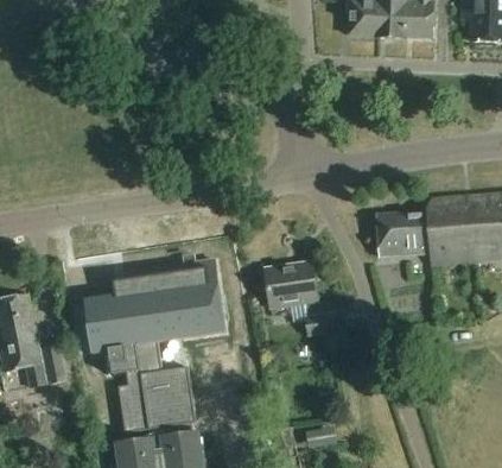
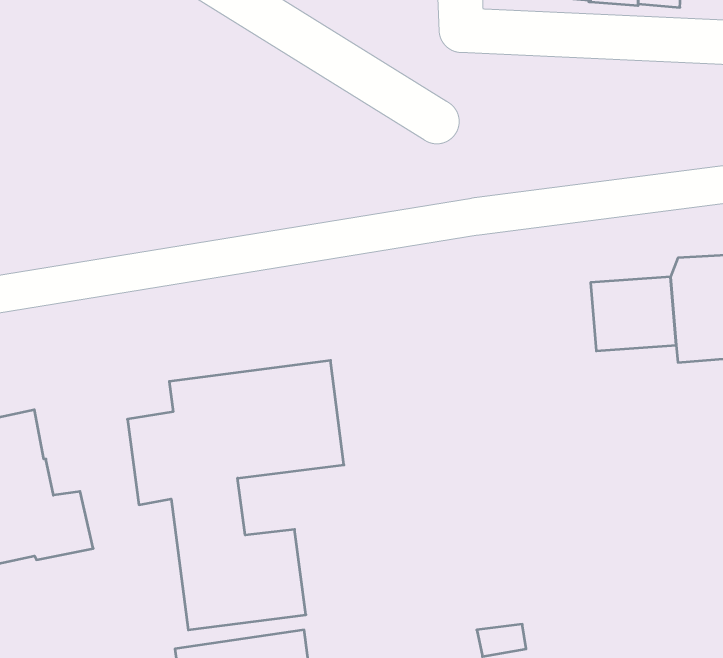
building: [265,263,337,335] -> none

